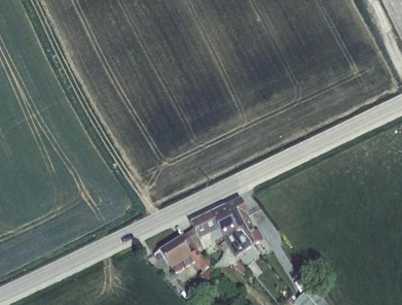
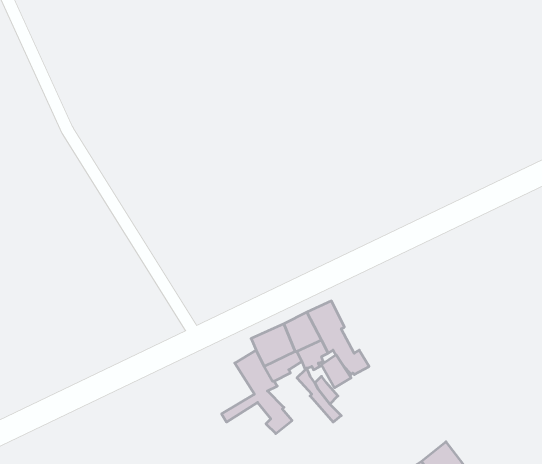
building: [158,236,191,268] -> none

